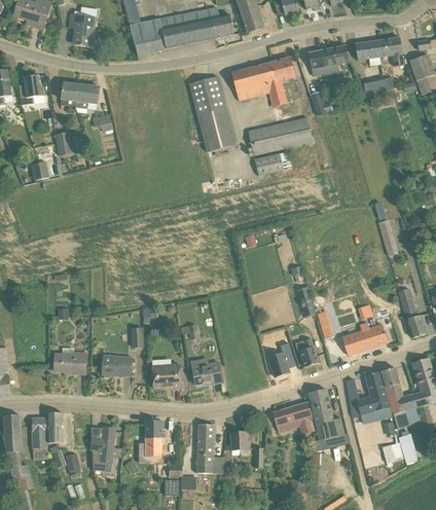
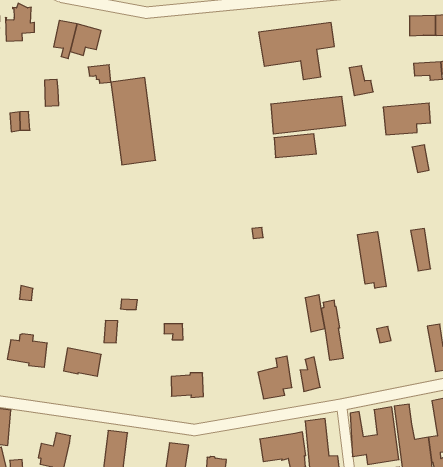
building: [307,44,349,75] -> [383,103,431,135]
building: [189,76,234,151] -> [111,78,156,165]
building: none -> [358,232,386,288]
building: [340,323,388,355] -> none
building: [151,364,181,389] -> none

